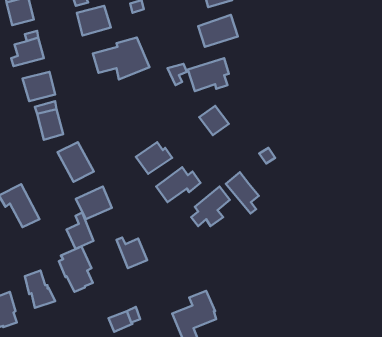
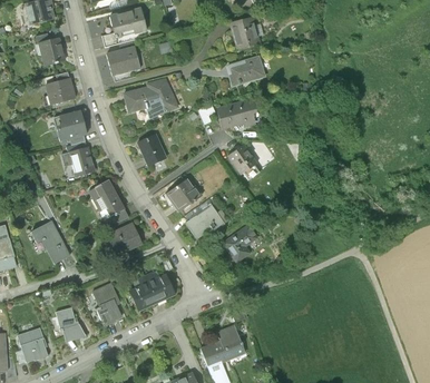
building: none -> [136,132,166,165]
building: [226,172,259,214] -> none
building: [66,213,94,249] -> [129,275,156,311]

